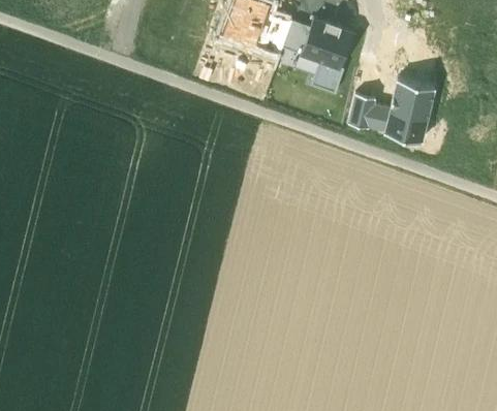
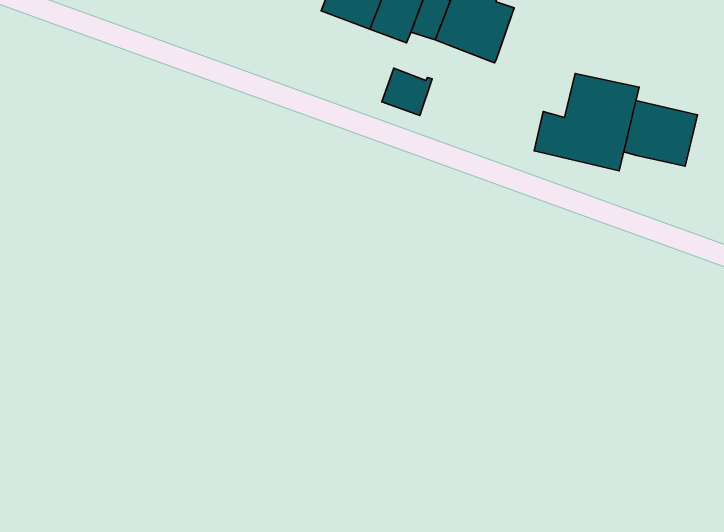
building: [310,61,344,93] -> [382,68,432,115]
building: [348,94,374,129] -> none
building: none -> [624,101,697,166]

